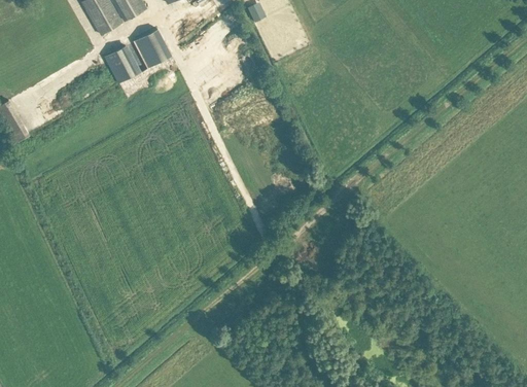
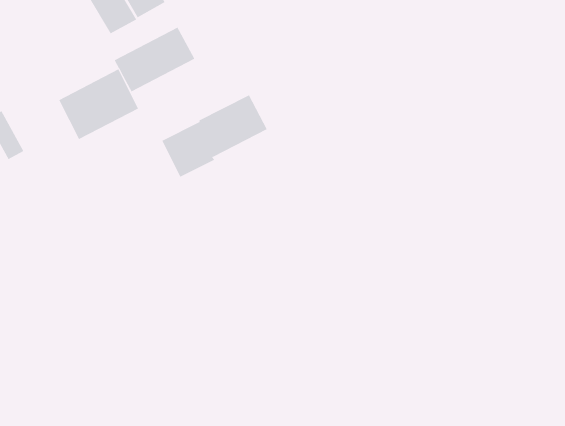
building: none -> [59,69,139,140]
building: none -> [161,94,267,177]

